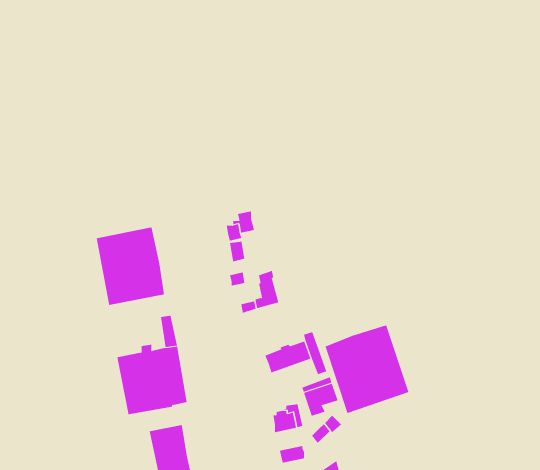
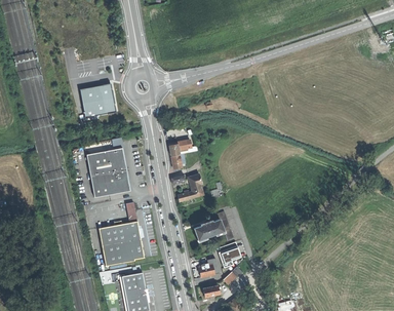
building: none -> [80,84,116,117]
building: [325,325,409,414] -> none

